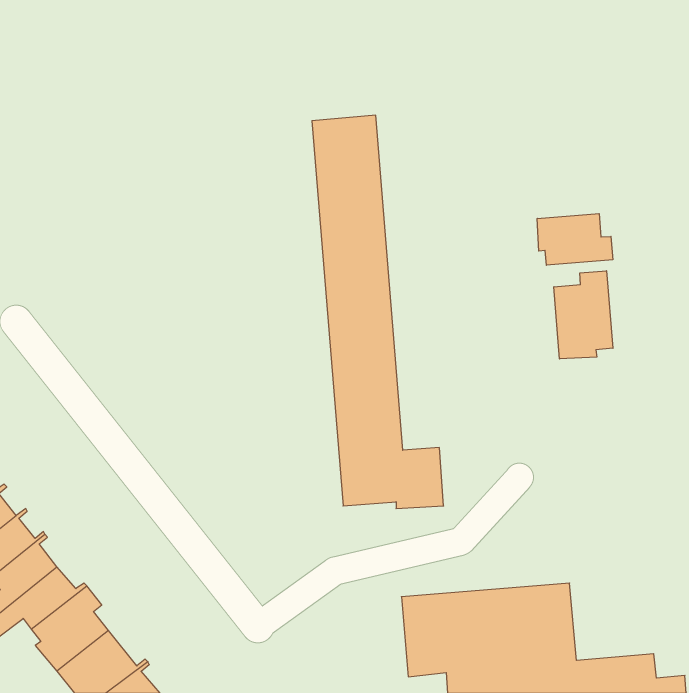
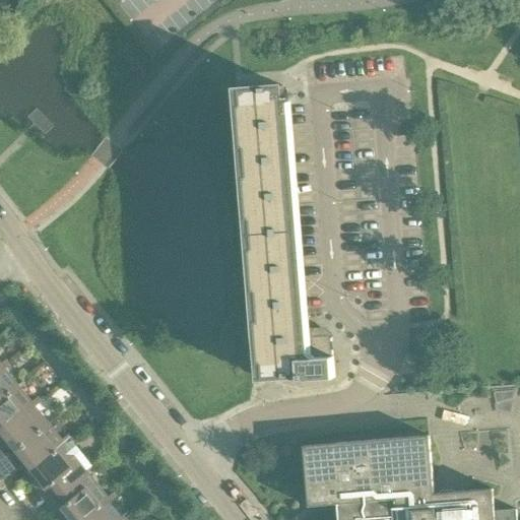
building: [537,214,613,265] -> none
building: [554,271,613,359] -> none

